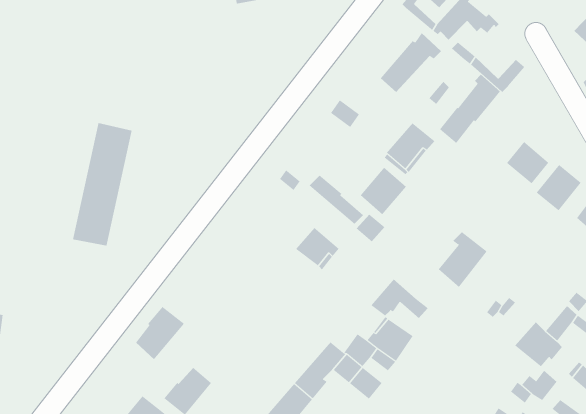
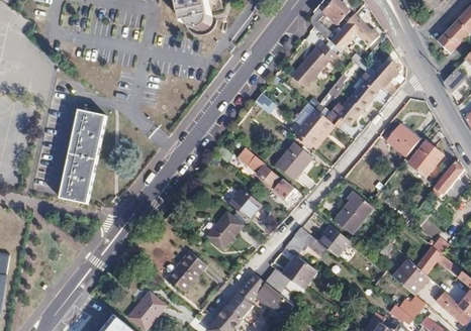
building: none -> [206,213,242,248]
building: none -> [318,225,349,256]
building: [135,306,185,360] -> [169,251,206,292]

